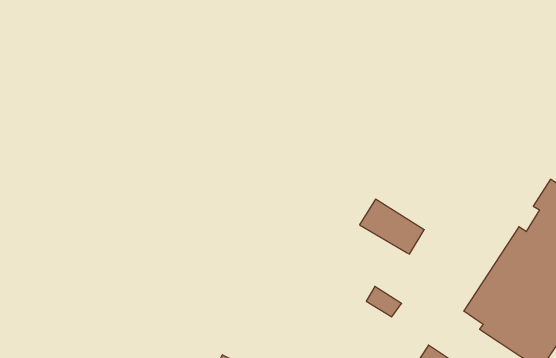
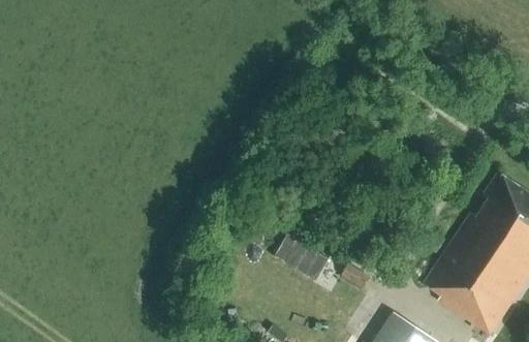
building: [360,199,424,254] -> [274,235,329,281]

